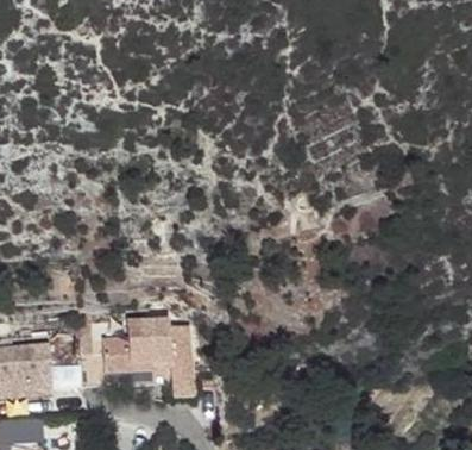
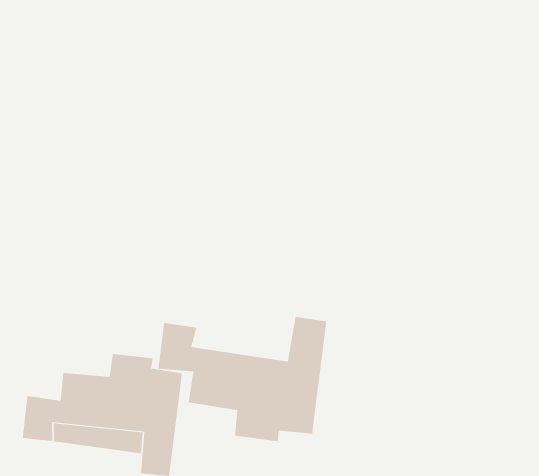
building: none -> [158,316,327,442]

